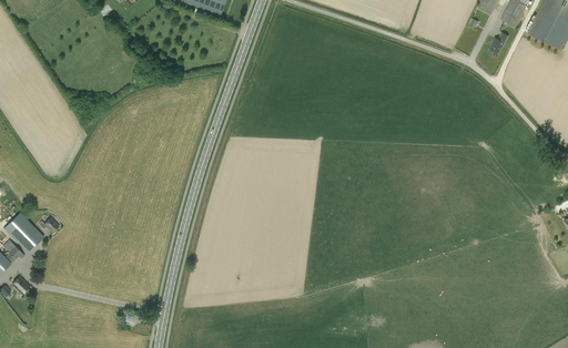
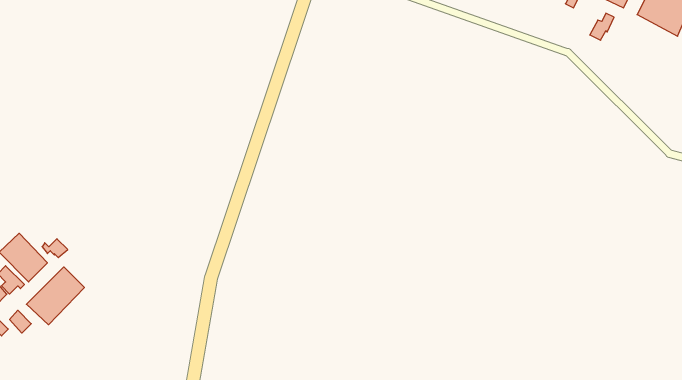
building: none -> [26,267,84,325]

